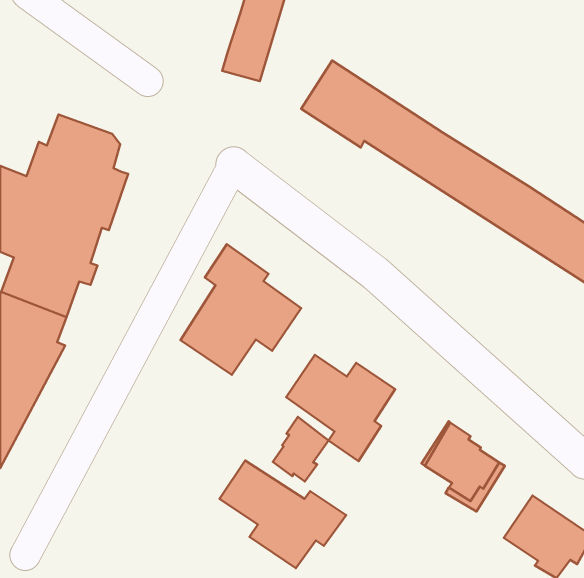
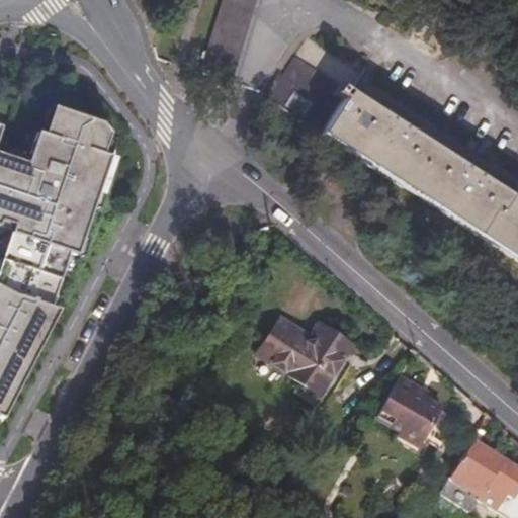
building: [180,244,301,375] -> none
building: [273,417,329,481] -> none
building: [219,461,346,568] -> none

